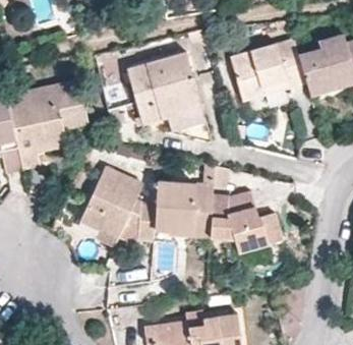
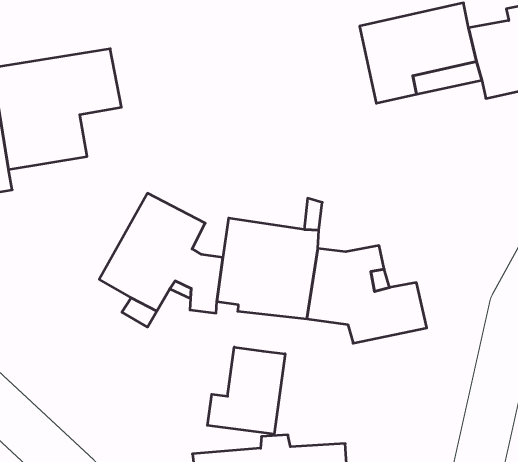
building: [126,53,204,132] -> none
building: none -> [207,347,285,434]

